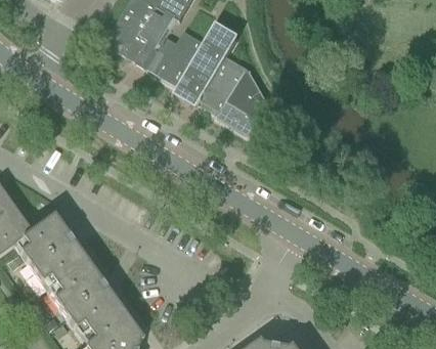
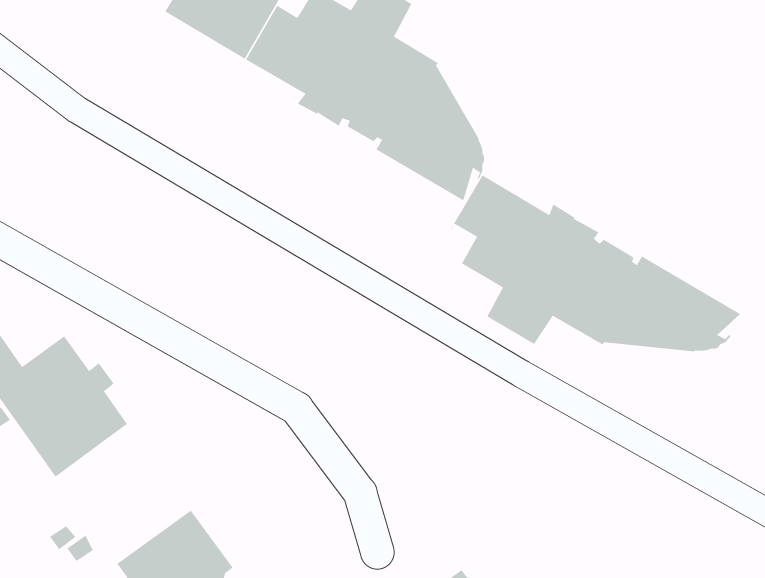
building: none -> [451,175,741,352]
building: [46,262,119,337] -> none

